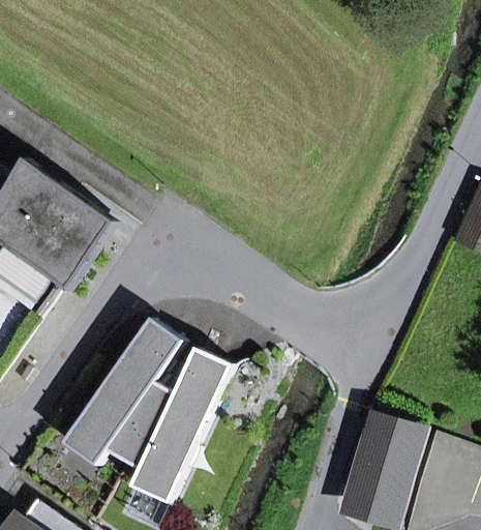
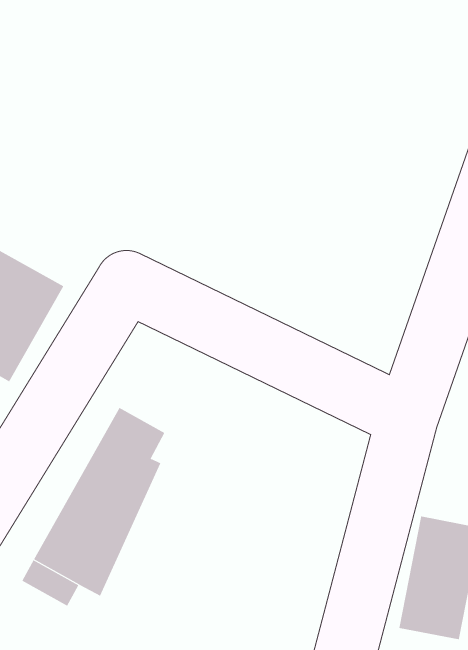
building: [120,349,230,502] -> none

